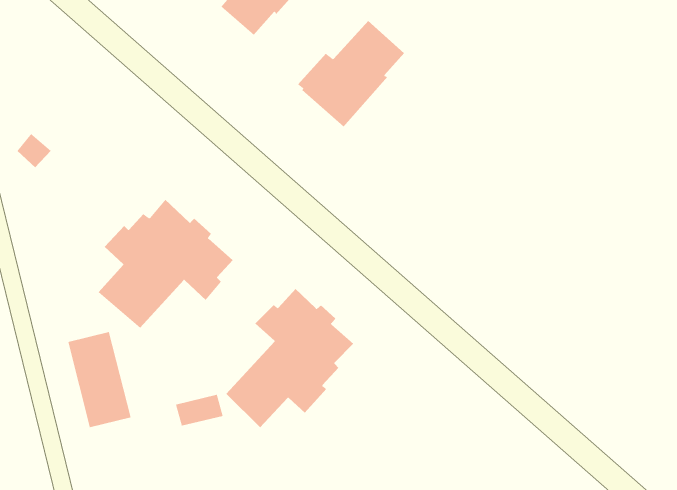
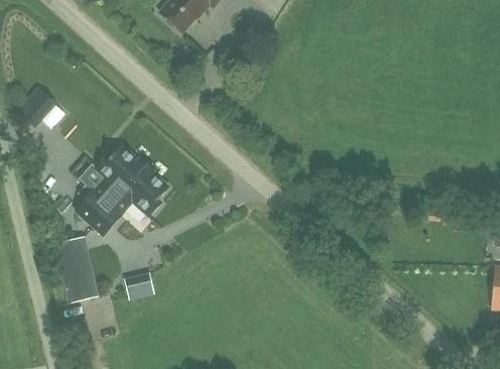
building: [297,20,405,128] -> none
building: [225,288,354,428] -> none

